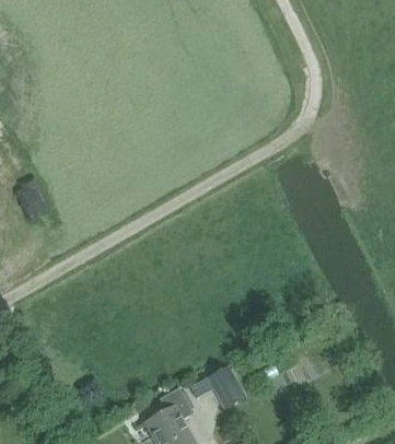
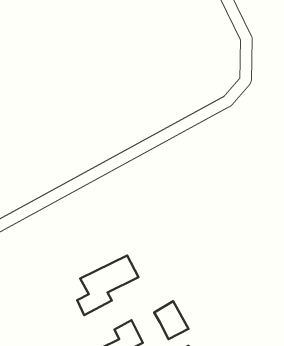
building: none -> [77,255,138,315]

